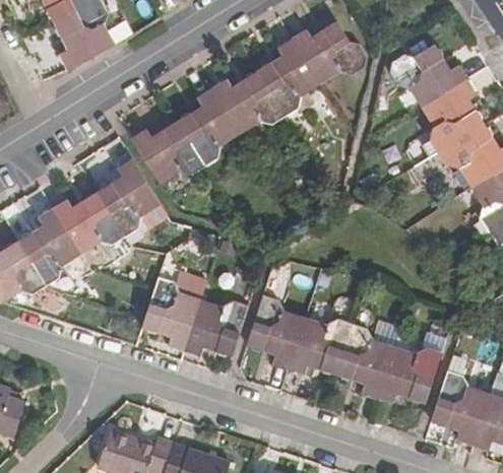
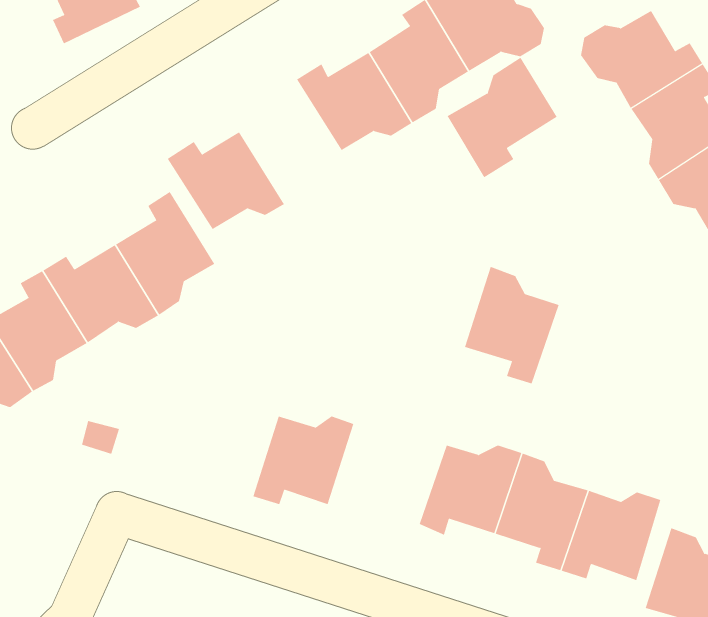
building: none -> [447,57,557,178]
building: [176,89,240,167] -> none
building: [143,277,200,351] -> none
building: [246,294,306,368] -> [464,266,559,384]

